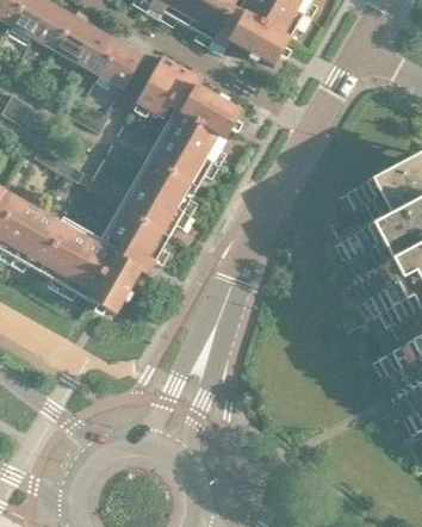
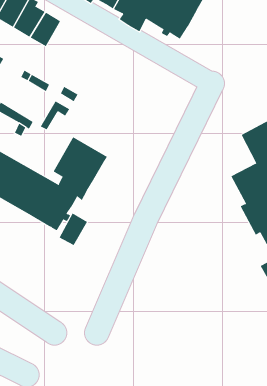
building: [95,41,143,88] -> none
building: [134,56,240,217] -> none
building: none -> [59,212,88,246]

